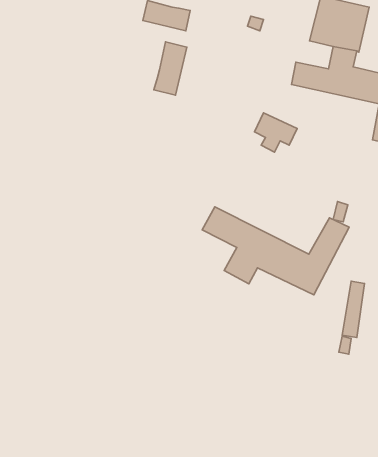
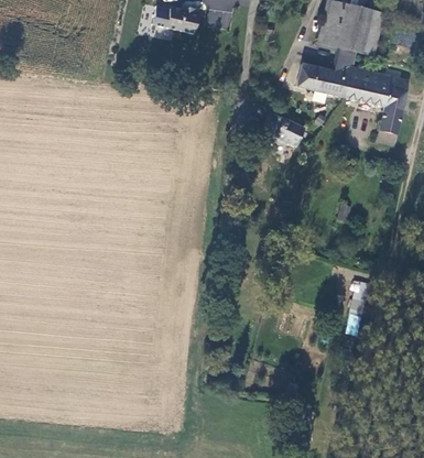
building: [154,42,187,95] -> none
building: [202,207,349,295] -> none

